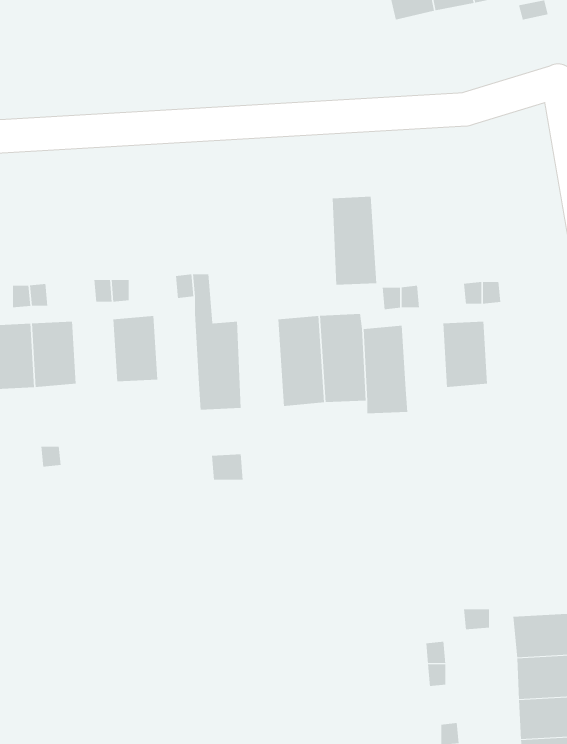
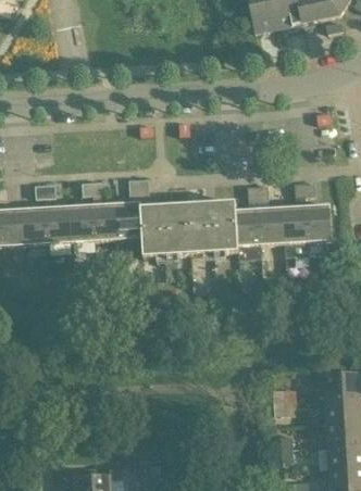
building: [332,196,377,285] -> [164,204,190,255]
building: none -> [116,201,141,239]
building: none -> [70,204,95,241]
building: none -> [306,204,332,241]
building: none -> [259,206,284,244]

